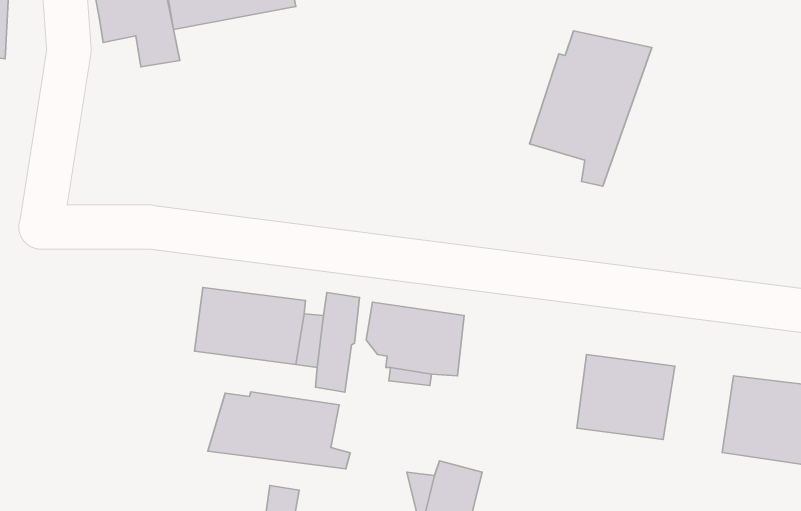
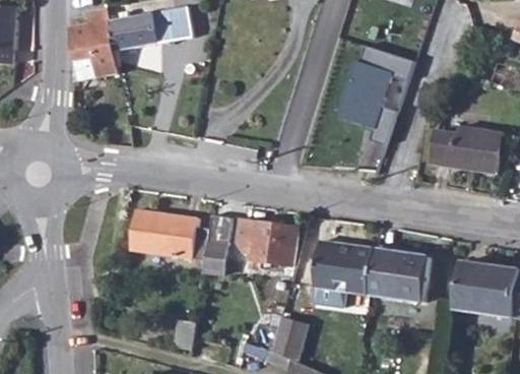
building: none -> [431,124,503,170]
building: none -> [314,243,374,297]
building: [208,392,350,469] -> none

